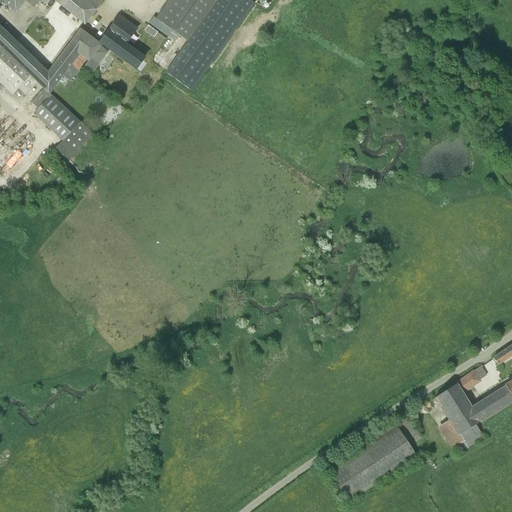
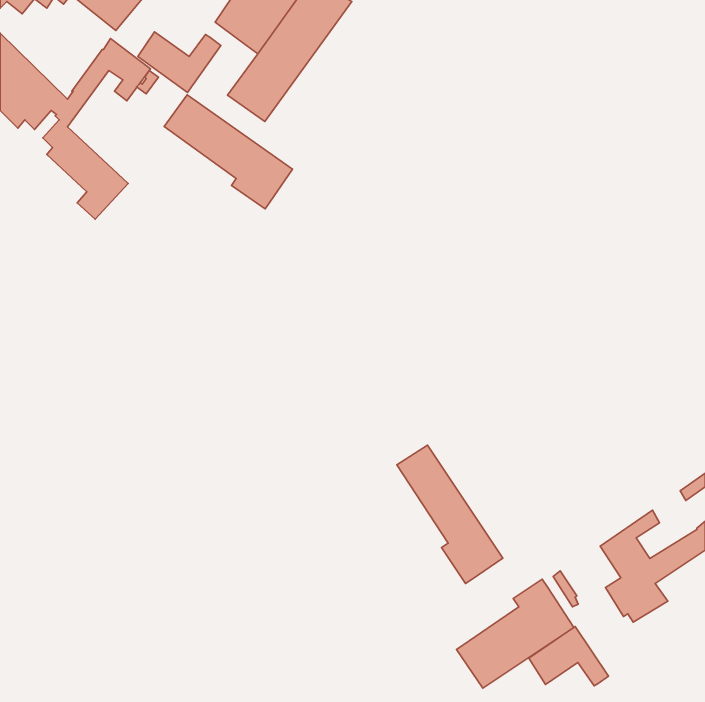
building: none -> [164,95,293,209]
building: none -> [397,445,503,583]
building: none -> [529,627,608,686]

